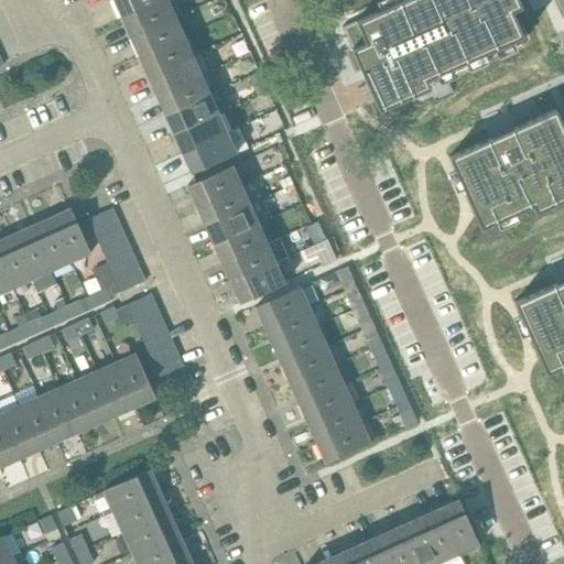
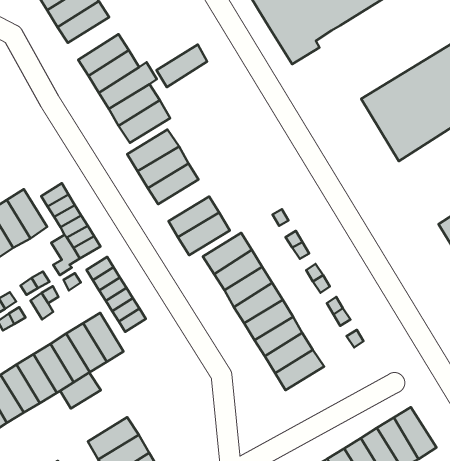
building: [139,34,195,76] -> [157,44,207,87]
building: [214,223,270,263] -> none
building: none -> [60,373,101,408]

